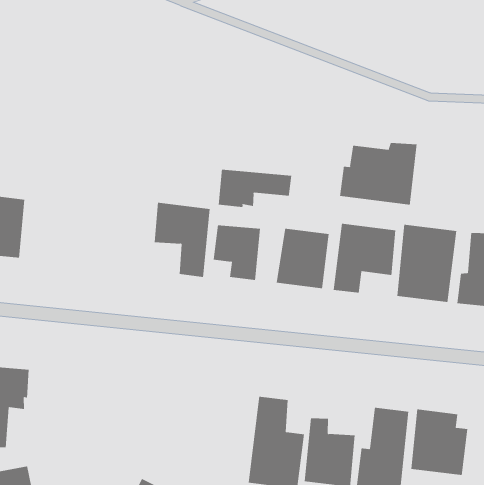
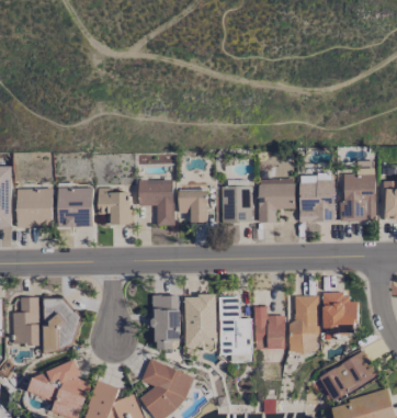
building: [339,142,417,205] -> none
building: [218,169,292,208] -> none
building: none -> [56,188,92,227]
building: none -> [97,189,131,225]
building: none -> [146,295,179,350]
building: none -> [183,295,215,348]

